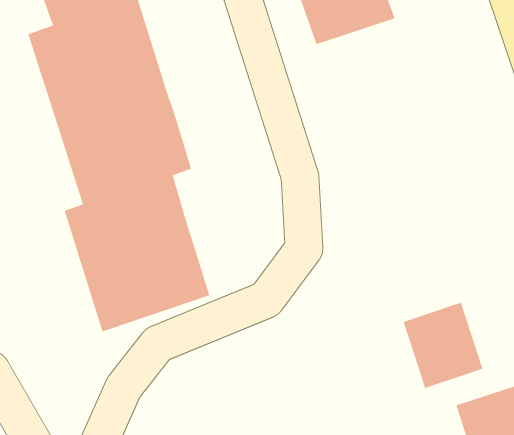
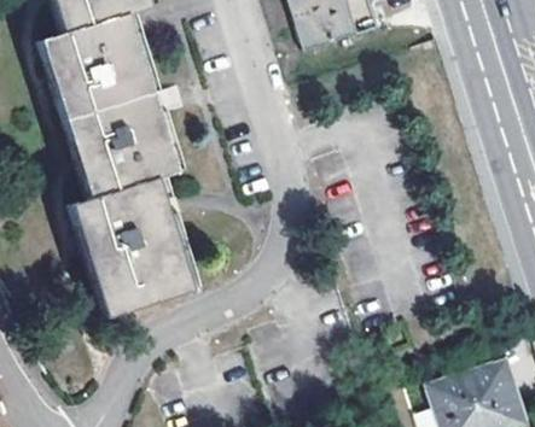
building: [403,302,483,389] -> none

